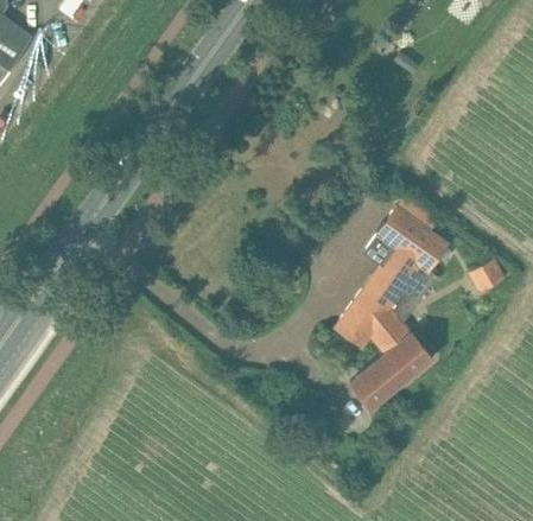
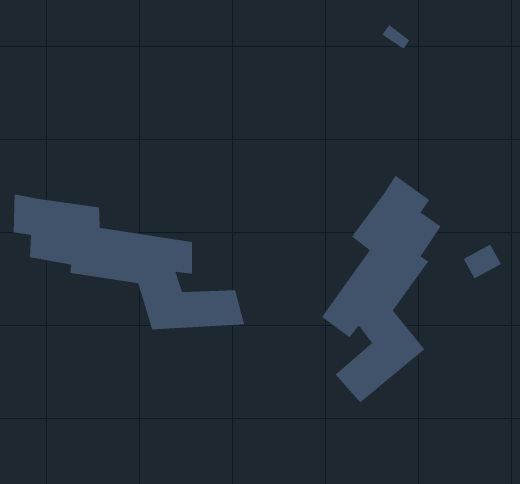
building: none -> [13,193,245,330]

